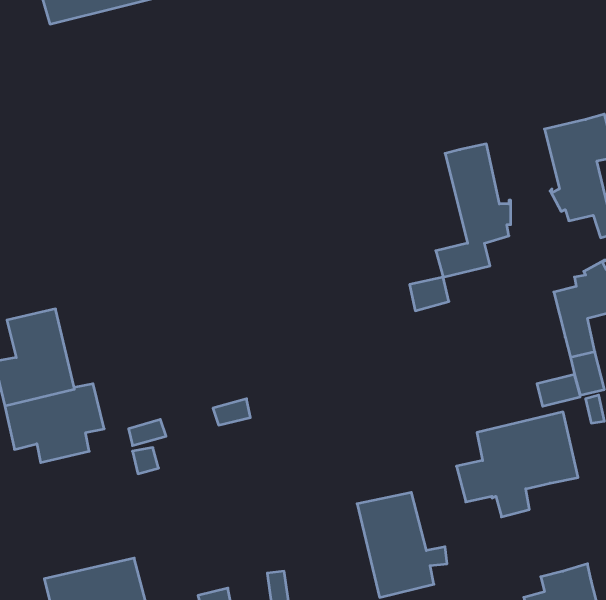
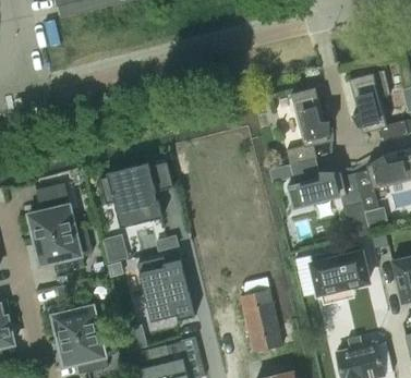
building: none -> [99,161,173,228]
building: none -> [288,171,361,208]
building: none -> [137,257,195,320]
building: none -> [52,303,110,340]

